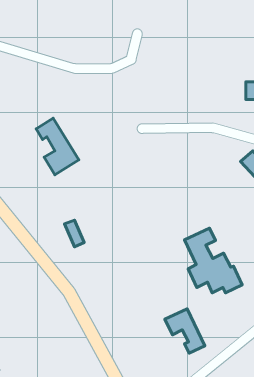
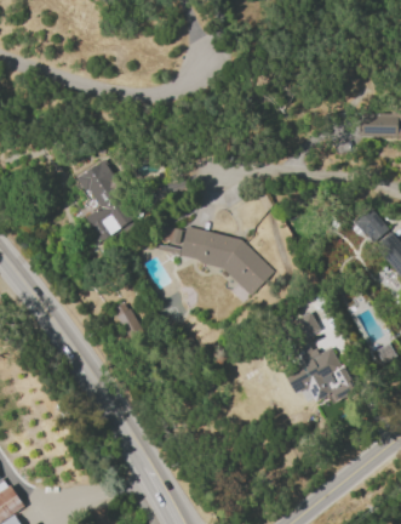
building: none -> [162,226,274,295]
building: [165,309,205,353] -> none

